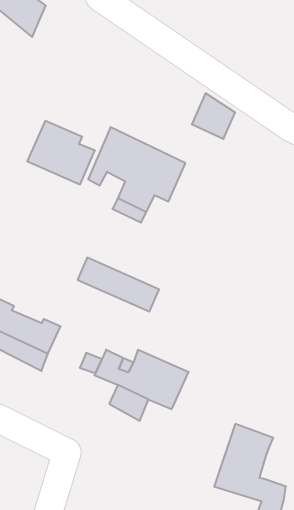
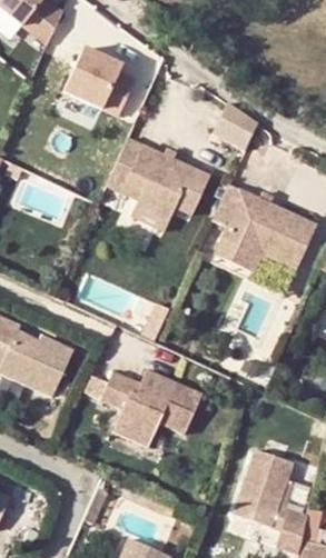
building: [27,121,95,185] -> [63,49,135,116]
building: none -> [215,185,315,273]

